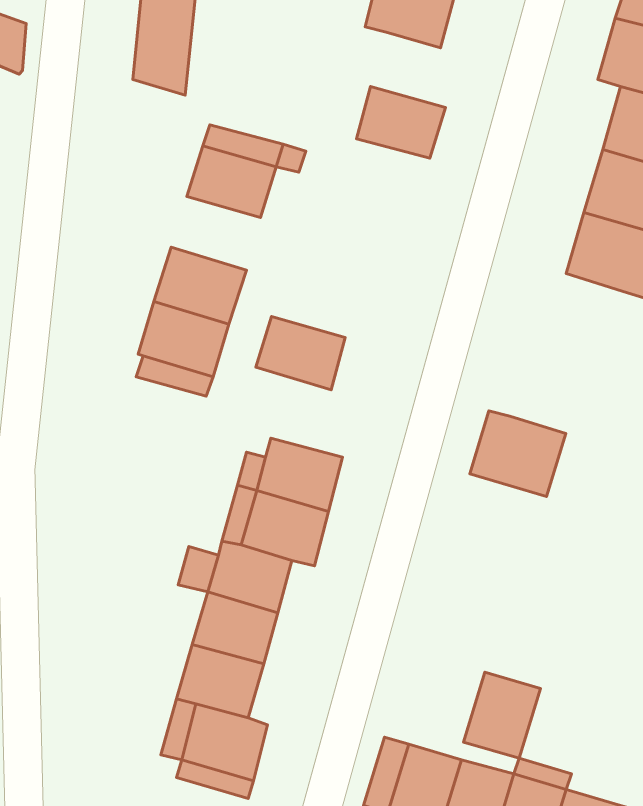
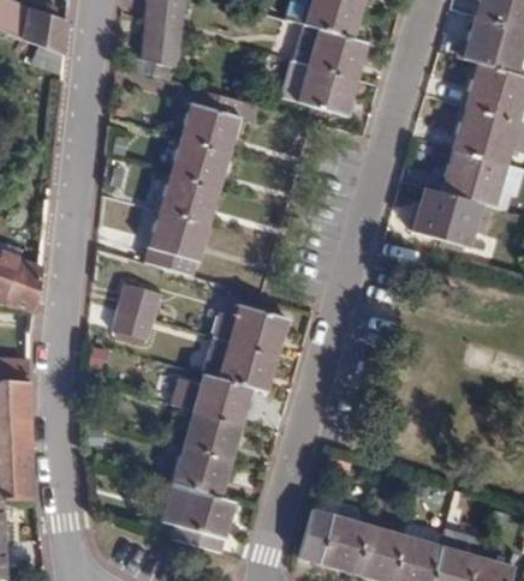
building: none -> [305,25,368,77]
building: [256,316,345,390] -> [168,138,230,188]
building: none -> [113,283,161,340]
building: [470,411,566,497] -> [412,187,478,246]
building: [463,672,540,758] -> none

